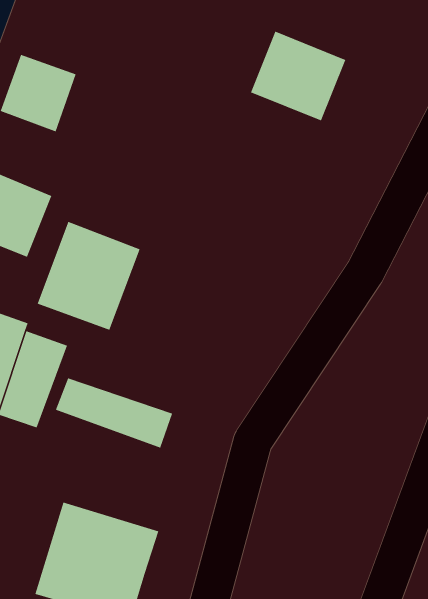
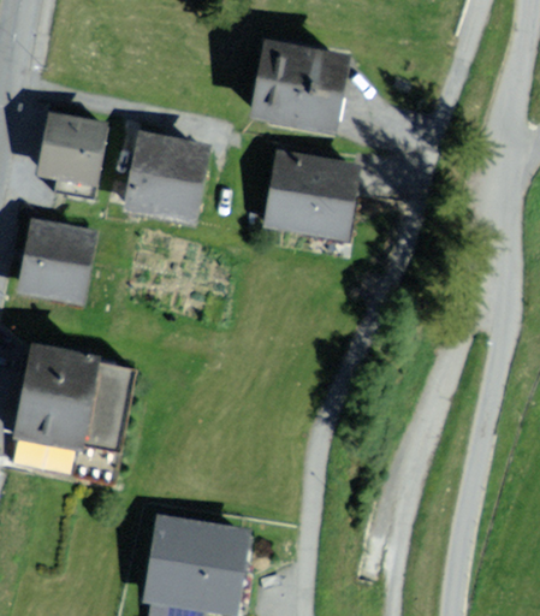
building: none -> [262,147,358,241]
building: [37,221,140,331] -> [123,131,209,225]
building: [55,377,173,449] -> none

